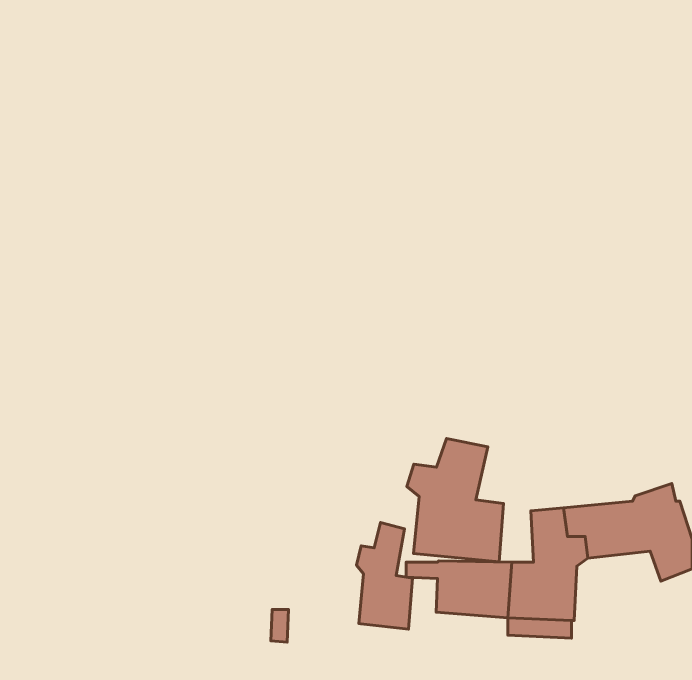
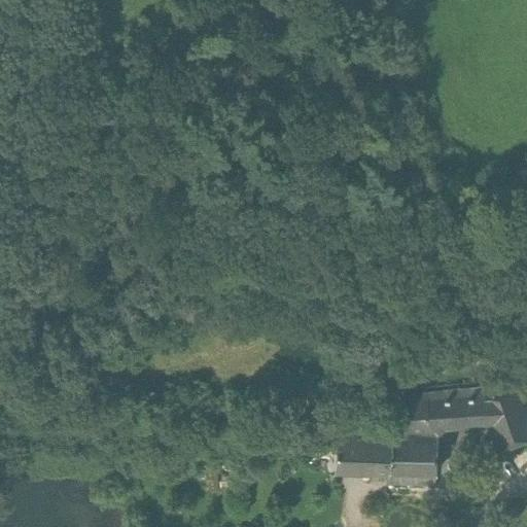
building: [407,438,504,562] -> none
building: [356,523,412,629] -> none

